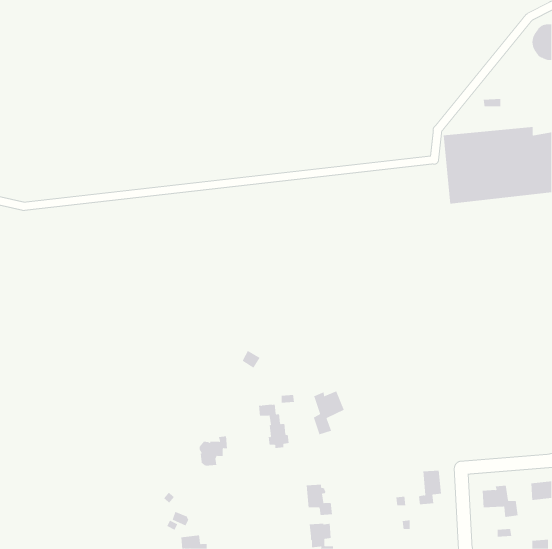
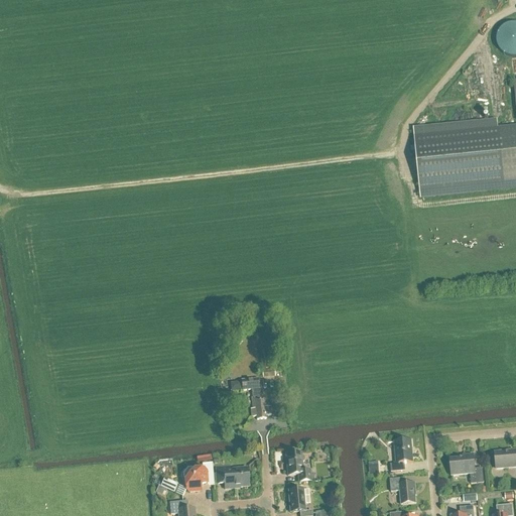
building: [313,390,345,435] -> none
building: [199,436,228,466] -> [183,463,211,491]
building: none -> [215,465,248,488]
building: none -> [389,476,415,503]

